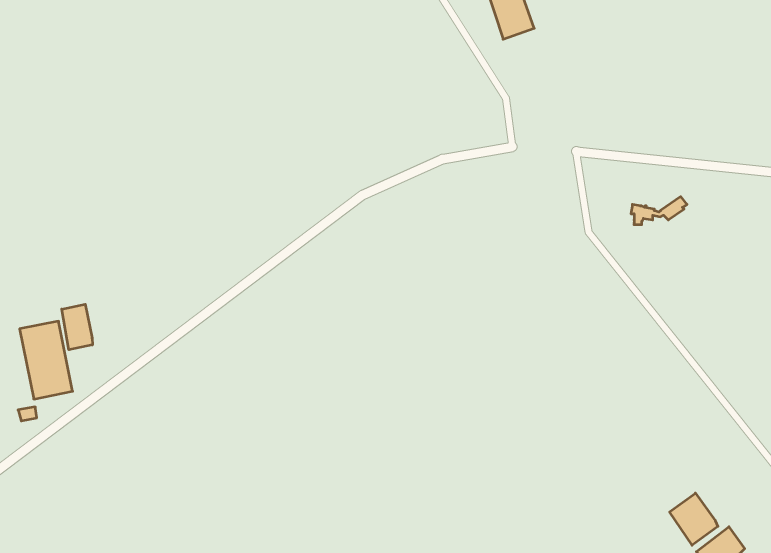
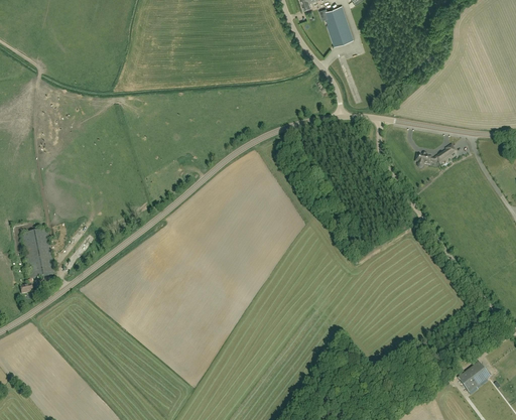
building: [62,304,92,350] -> none
building: [670,493,718,545] -> none

